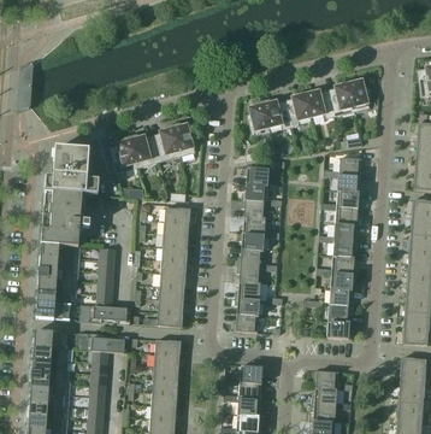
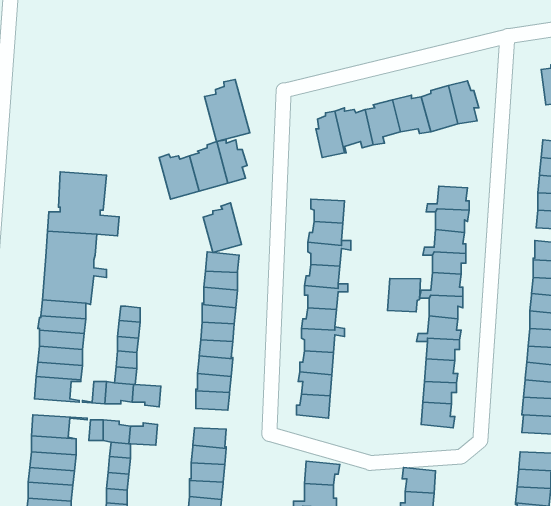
building: none -> [204,80,250,142]
building: [110,135,138,172] -> [203,203,242,252]
building: none -> [388,278,421,312]

